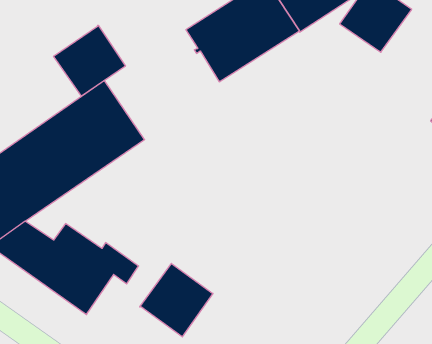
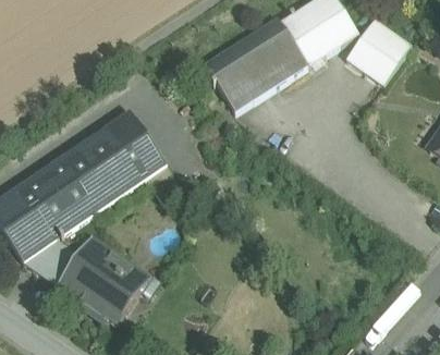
building: [54,25,125,96] -> none
building: [140,263,213,337] -> none

